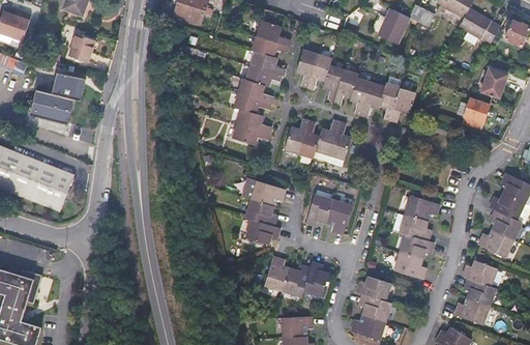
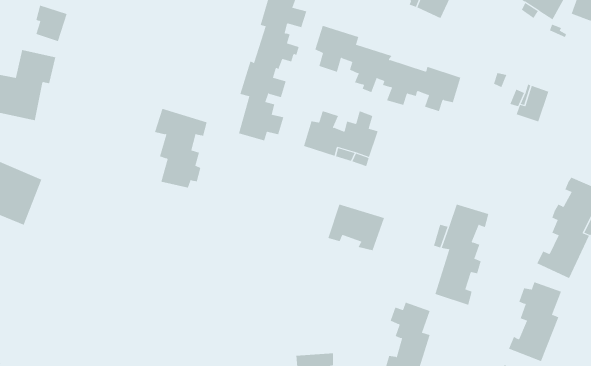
building: [478,66,504,96] -> none
building: [242,177,286,242] -> [154,108,208,188]
building: [265,256,329,296] -> none

